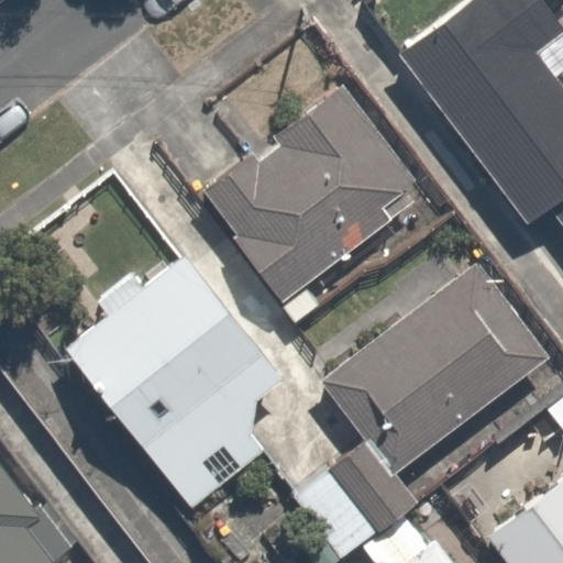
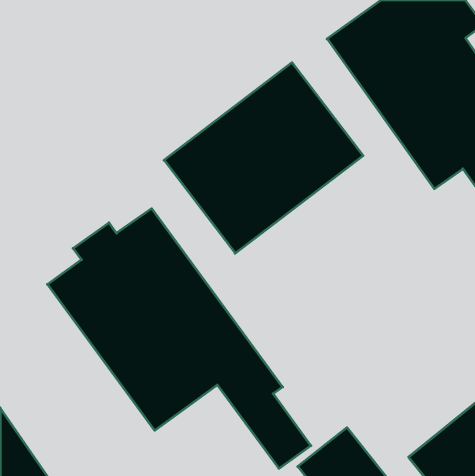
building: [312,268,540,520] -> none

